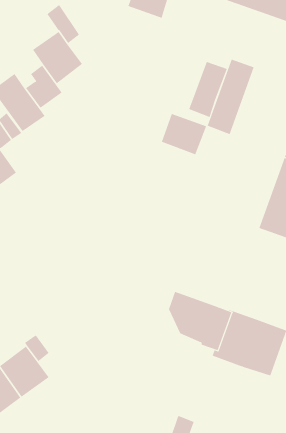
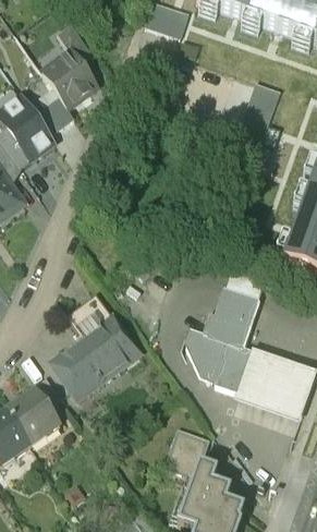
building: [189,61,227,118] -> none
building: [161,113,207,155] -> none
building: none -> [209,268,266,347]
building: none -> [51,292,139,397]
building: none -> [164,426,209,473]

